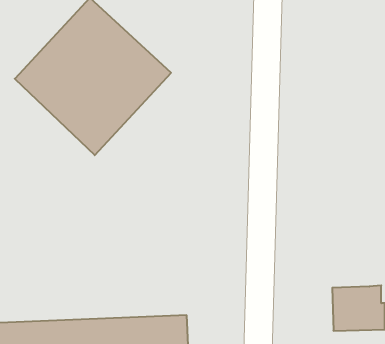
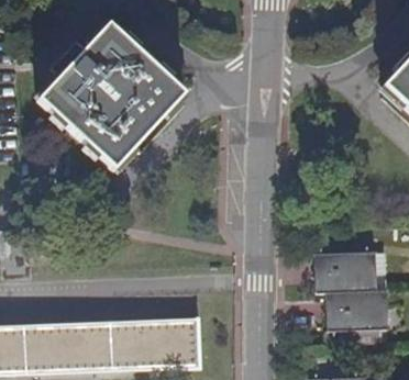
building: none -> [319,252,367,292]

